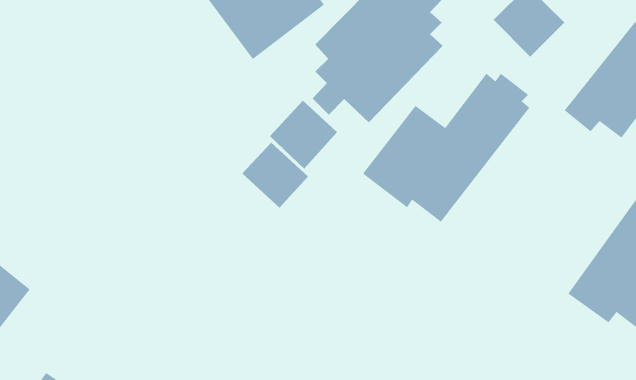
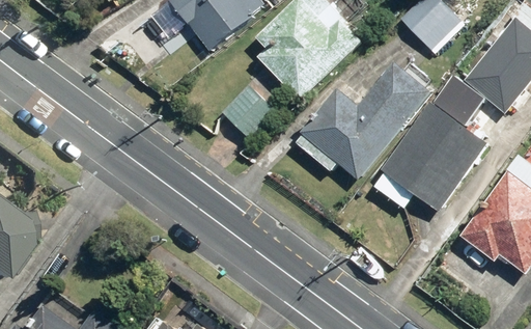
building: none -> [373,101,487,211]
building: [242,142,309,208] -> none

